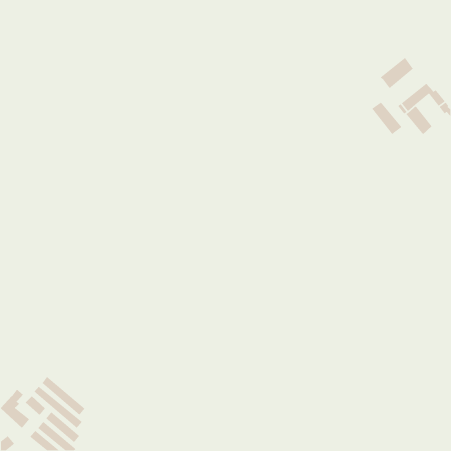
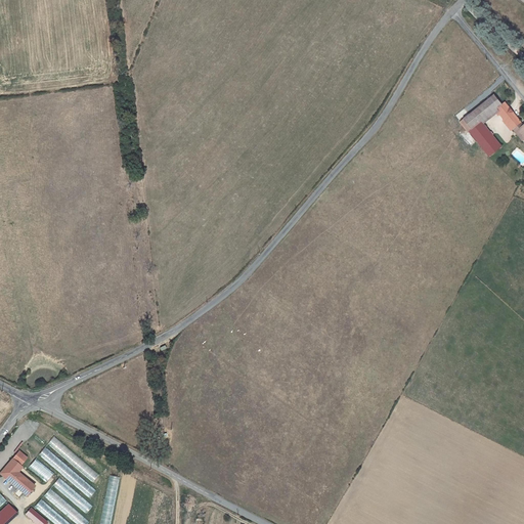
building: [380,57,414,89] -> none
building: [371,101,403,135] -> none

